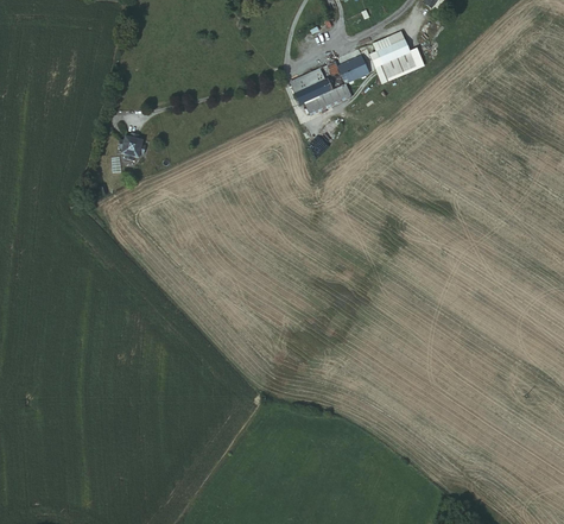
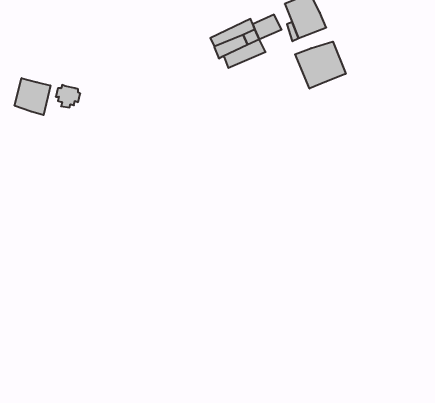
building: none -> [295,42,346,89]
building: none -> [15,78,50,115]

